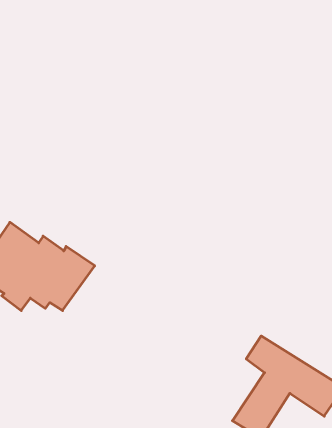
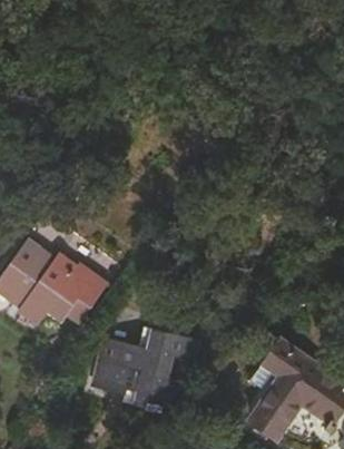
building: none -> [92,331,198,414]

